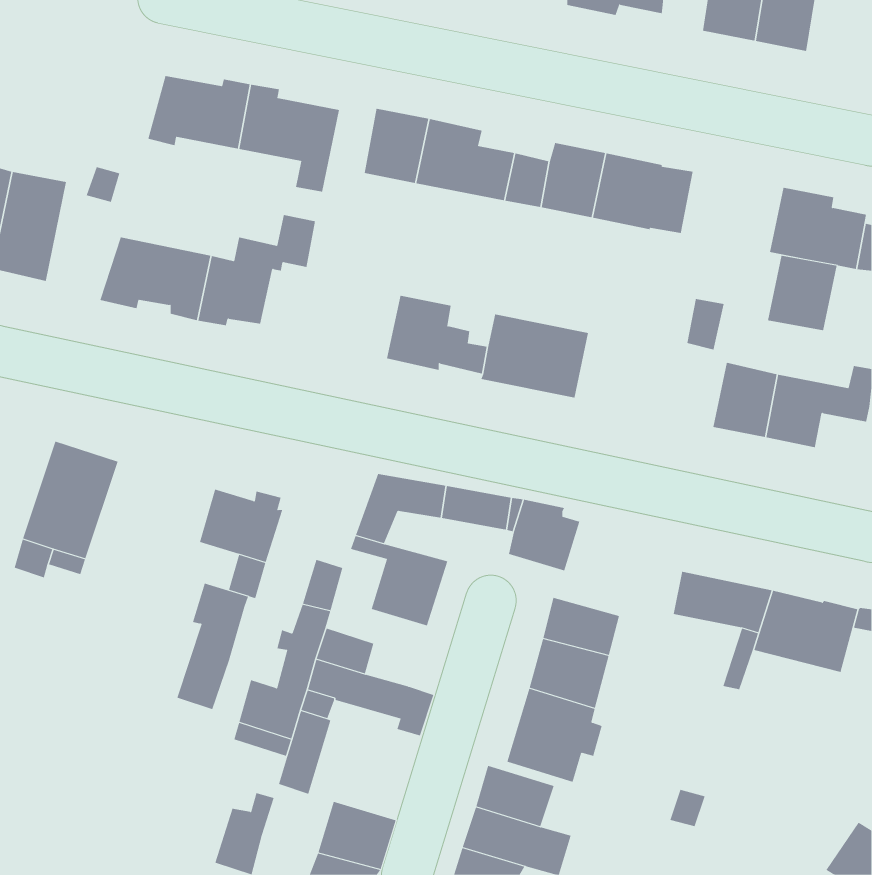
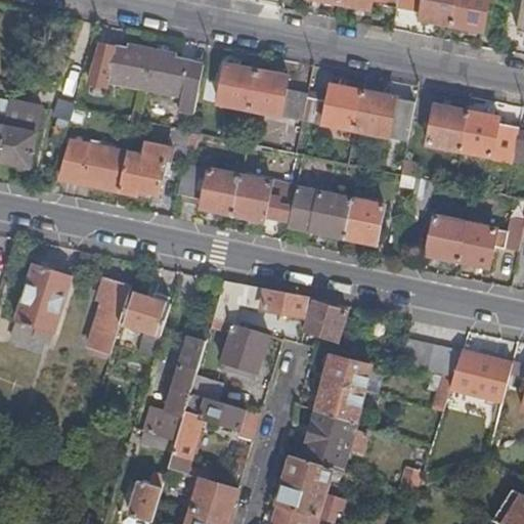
building: [767,255,837,331] -> [425,105,467,150]
building: none -> [176,165,238,214]
building: none -> [343,199,383,245]
building: [177,583,249,710] -> [87,277,130,353]

